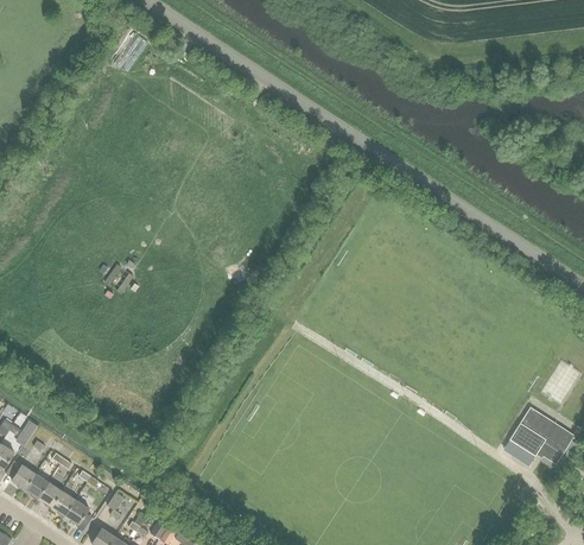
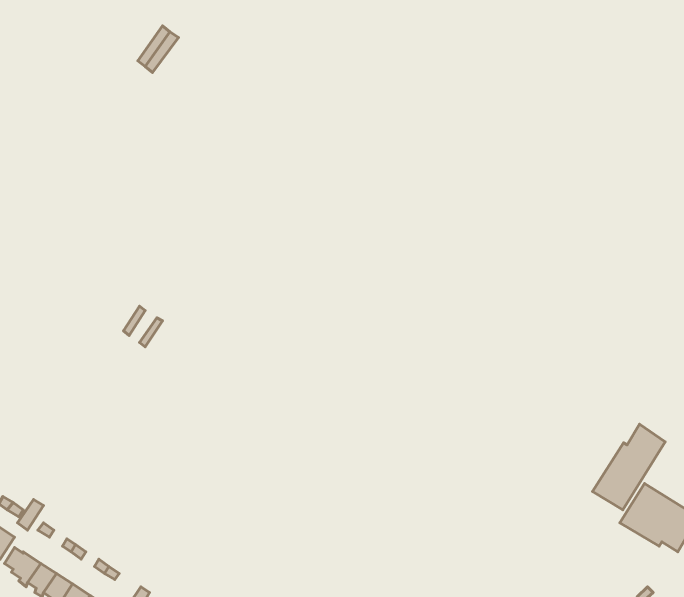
building: none -> [592,424,665,510]

